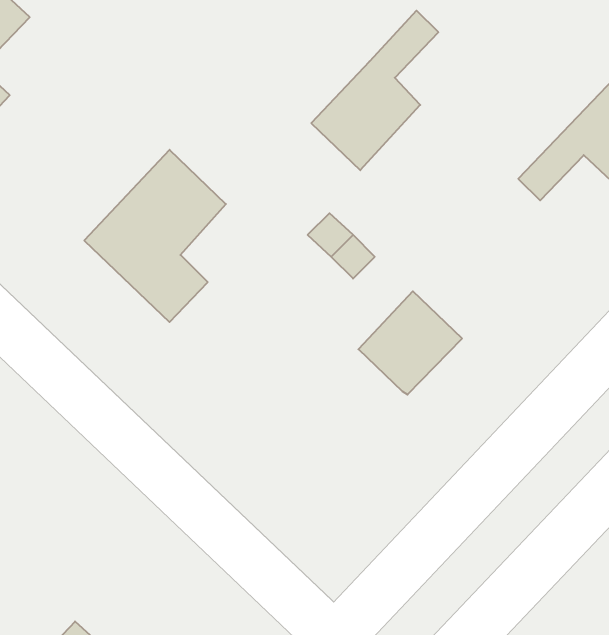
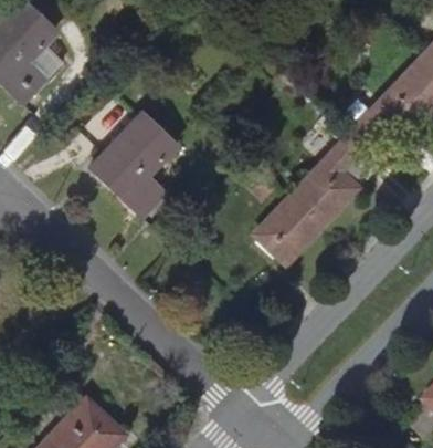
building: [311,11,438,170] -> [289,128,367,226]

